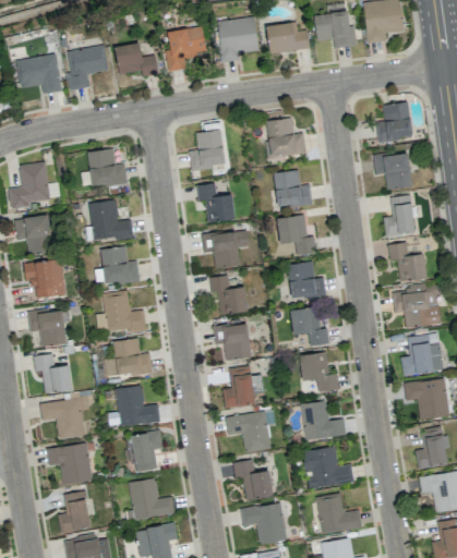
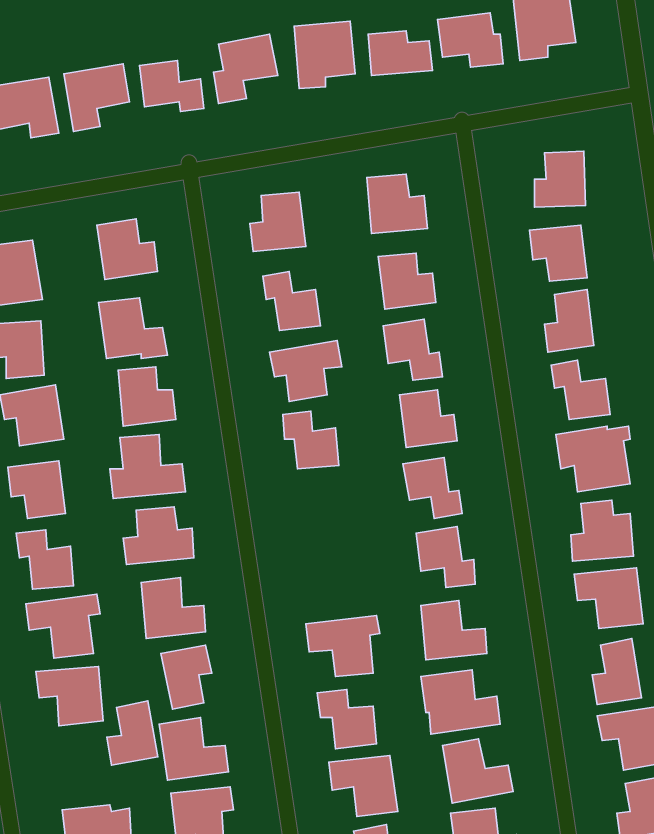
building: [214,324,252,361] -> none
building: [223,366,255,409] -> none
building: [58,490,92,533] -> [107,701,158,765]

